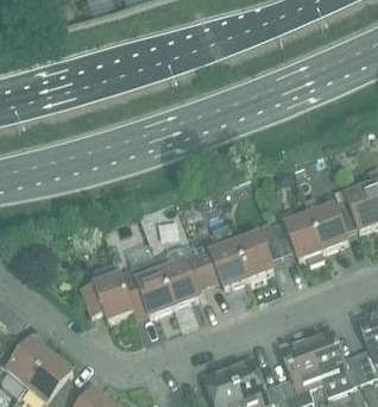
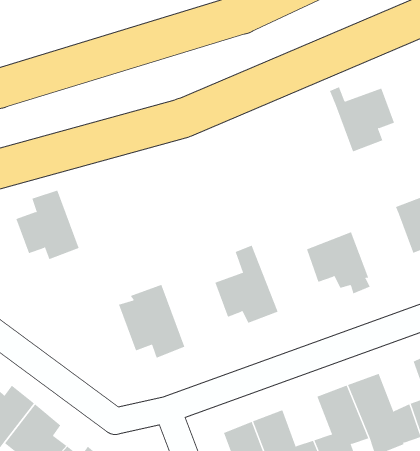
building: [304,198,358,251] -> [329,87,395,152]
building: [235,227,282,278] -> none
building: [159,245,208,307] -> none
building: [81,263,133,320] -> [15,190,80,260]

